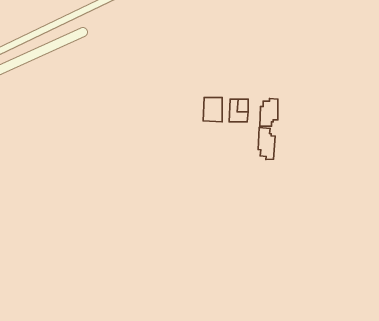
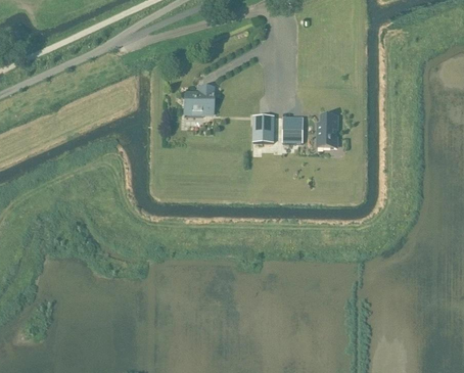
building: none -> [184,87,213,115]
building: [258,127,275,159] -> none

